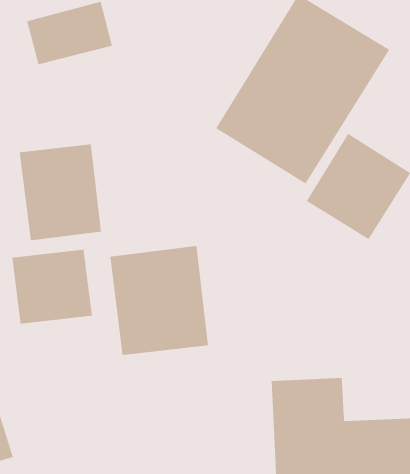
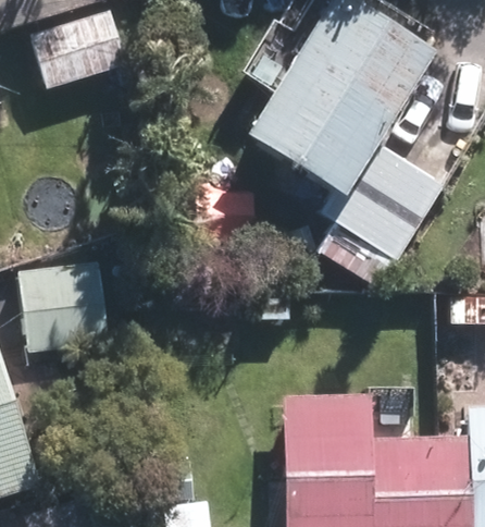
building: [19,143,102,241] -> none
building: [110,245,209,356] -> none

